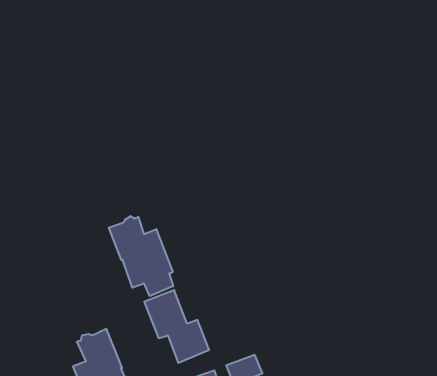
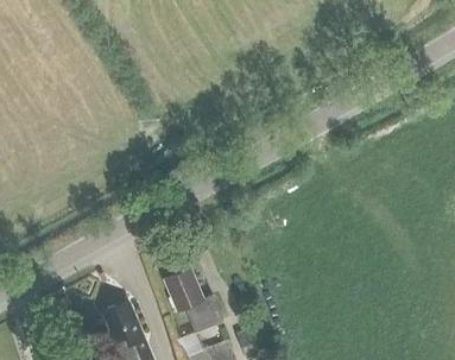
building: [109,216,173,296] -> none

